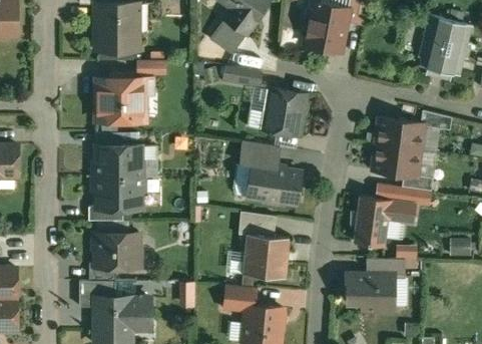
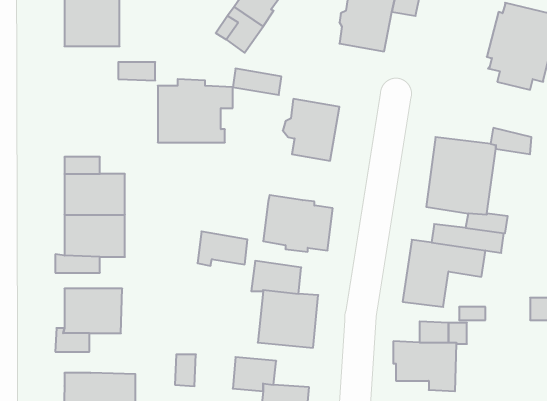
building: [96,72,153,120] -> [158,79,233,142]
building: [242,140,280,166] -> [197,231,247,266]
building: [80,281,116,307] -> none

